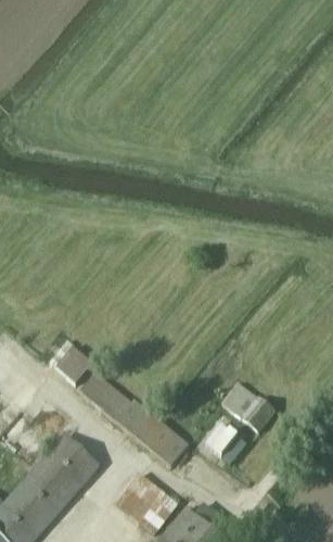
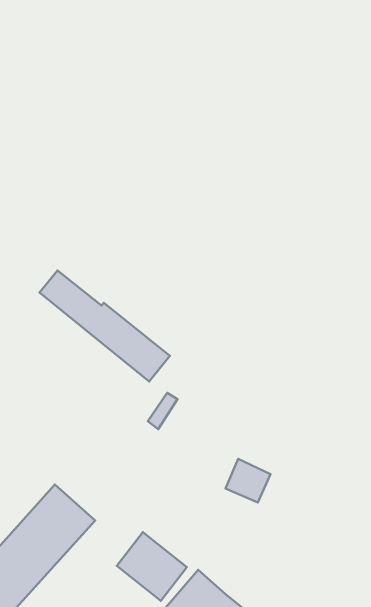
building: [56,348,93,385] -> none
building: [80,374,190,467] -> [39,270,170,382]
building: [223,382,277,432] -> none

